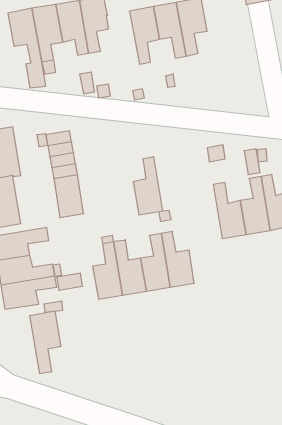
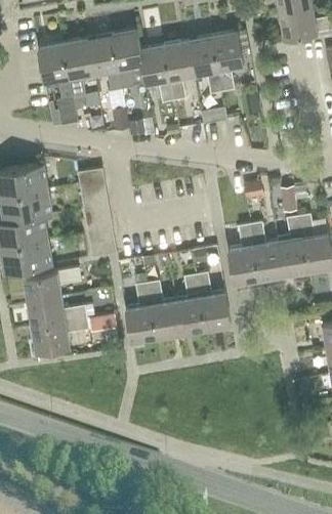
building: none -> [139,45,173,101]
building: [133,157,163,215] -> [227,223,258,283]
building: [30,311,61,374] -> none

